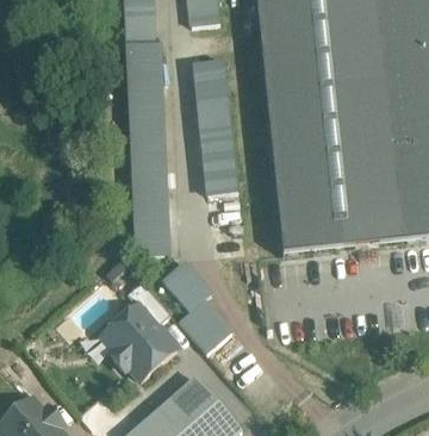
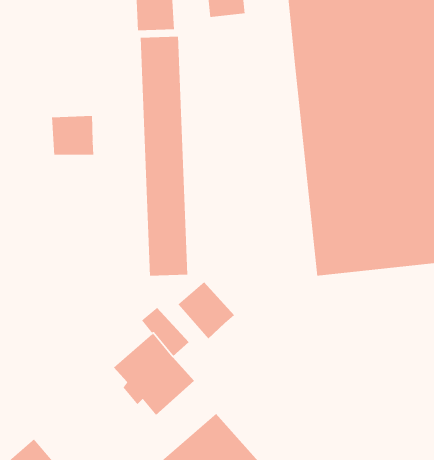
building: [191,58,240,195] -> none
building: none -> [52,115,94,156]
building: [176,294,231,349] -> none

